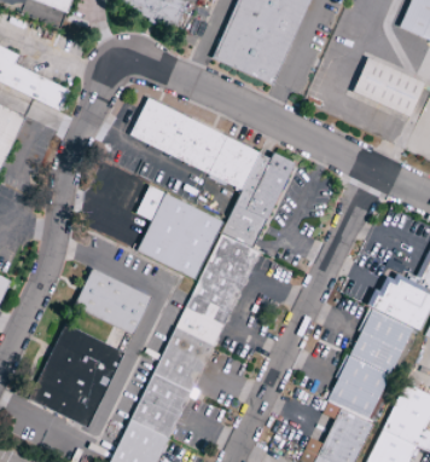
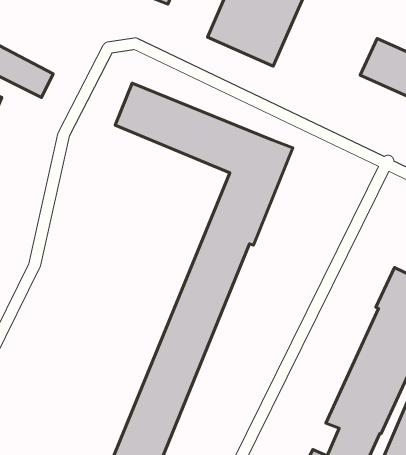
building: [135,185,222,278] -> none
building: [72,267,150,334] -> none
building: [30,323,122,426] -> none

